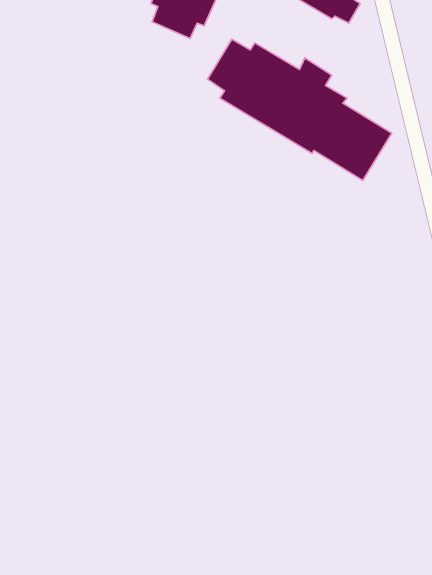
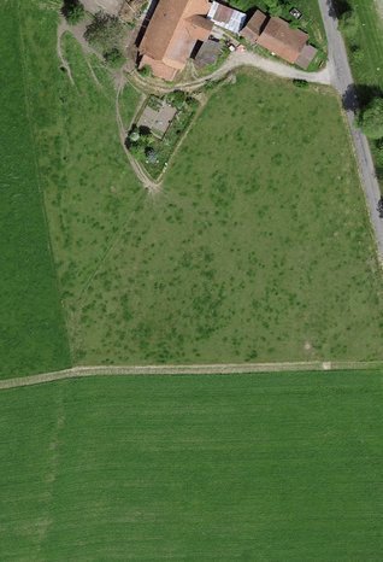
building: [208,39,392,180] -> none

